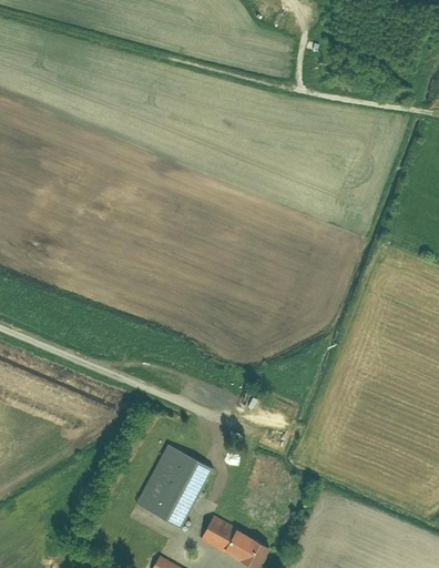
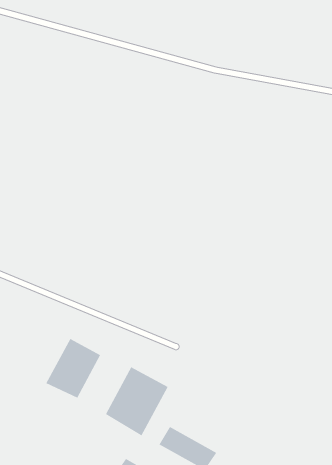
building: none -> [46,338,101,398]

